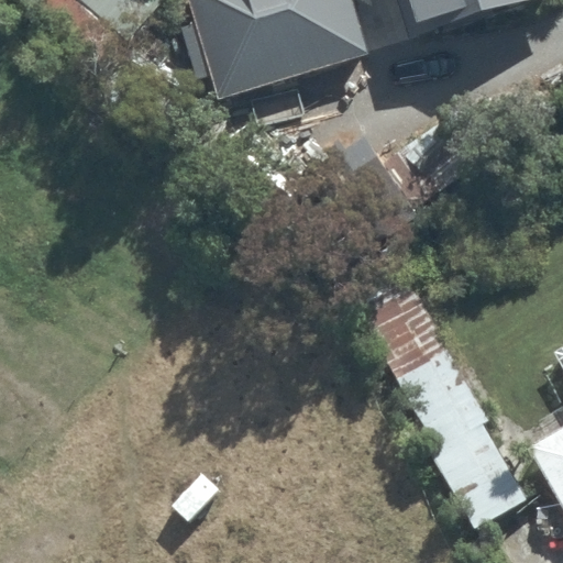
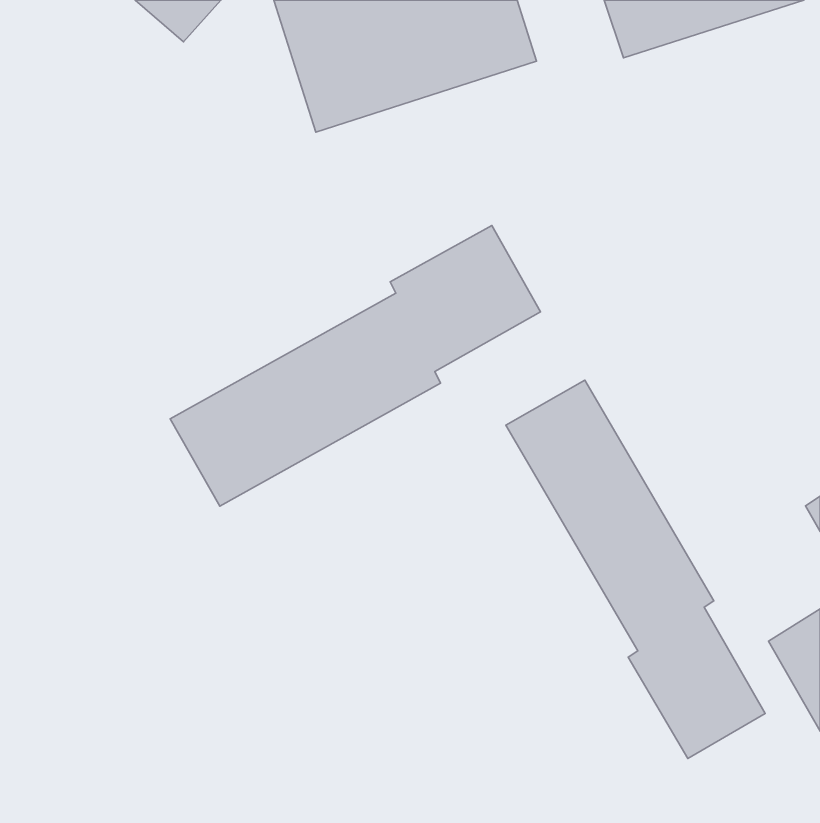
building: none -> [170,225,540,506]

